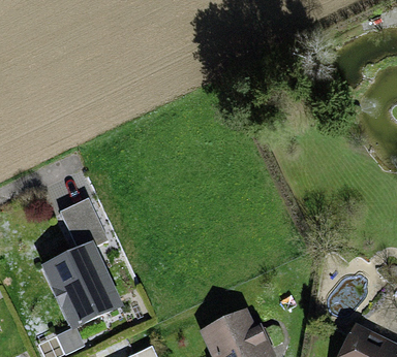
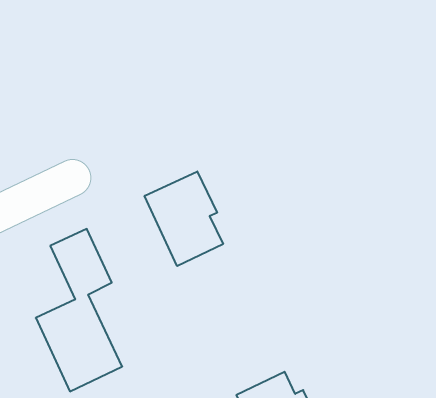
building: none -> [145,171,223,266]

